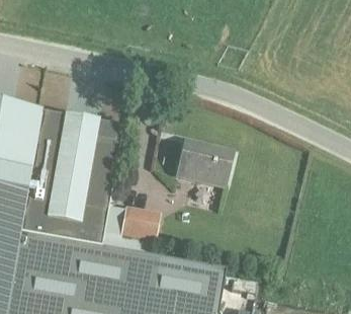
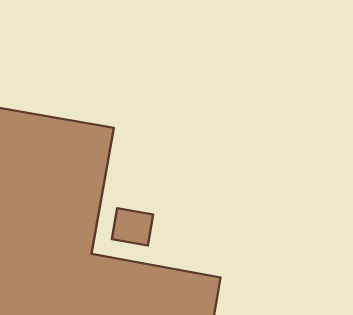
building: [174,135,231,179] -> none

